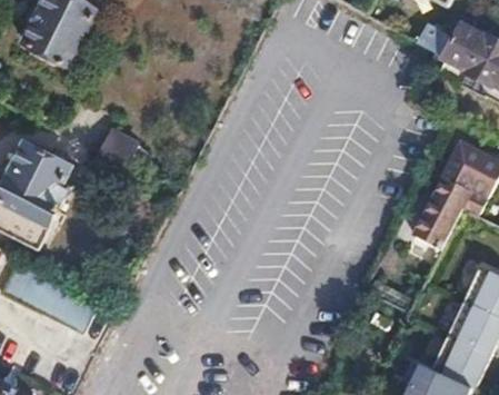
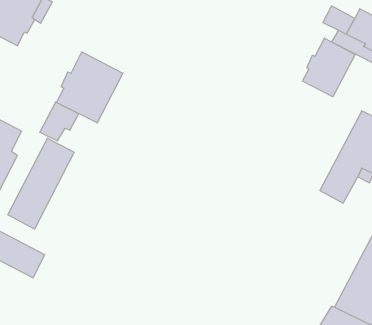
building: none -> [302,38,355,97]
building: none -> [57,52,123,123]
building: none -> [8,138,74,229]

